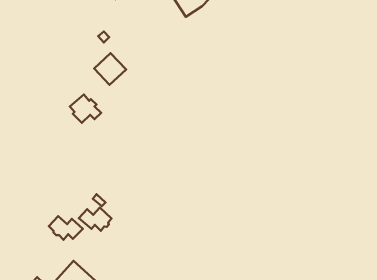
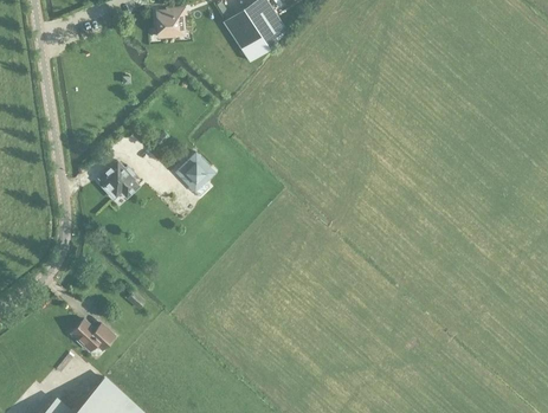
building: [94,53,126,85] -> [174,151,215,193]
building: [79,208,112,231] -> none

